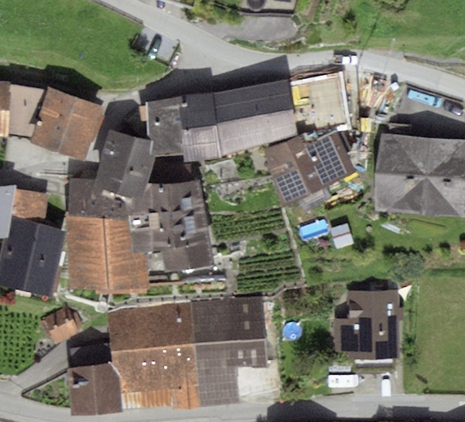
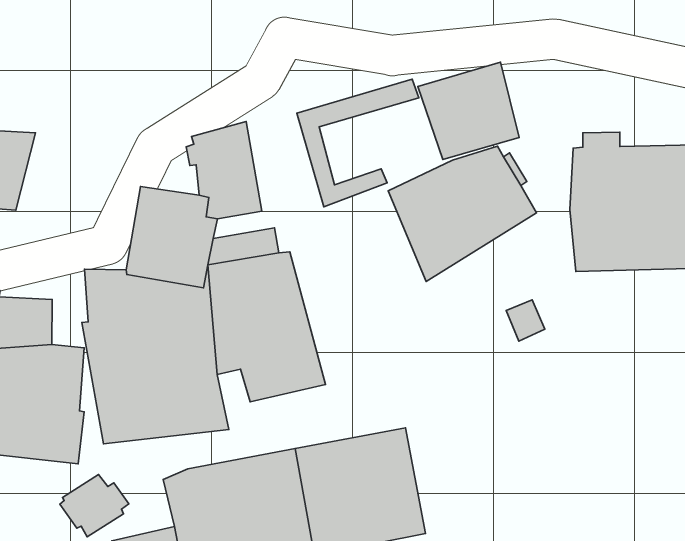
building: [30,87,104,160] -> none
building: [225,92,298,143] -> none
building: [180,94,224,161] -> none
building: [335,291,398,358] -> none

